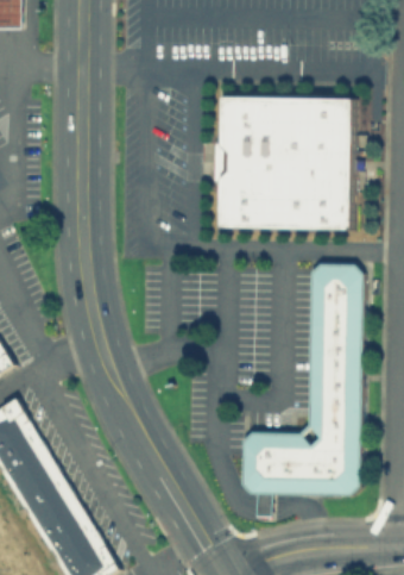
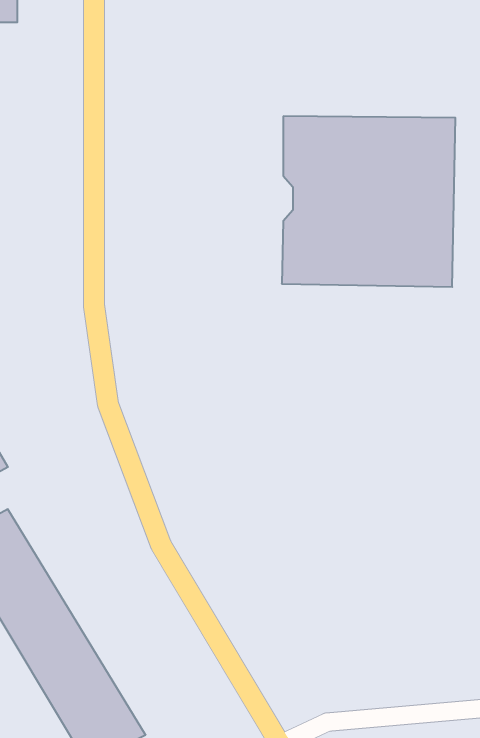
building: [242,263,362,494] -> none

